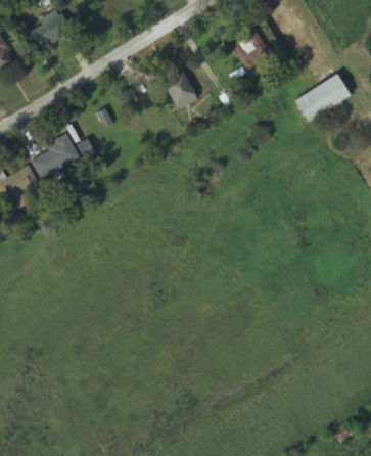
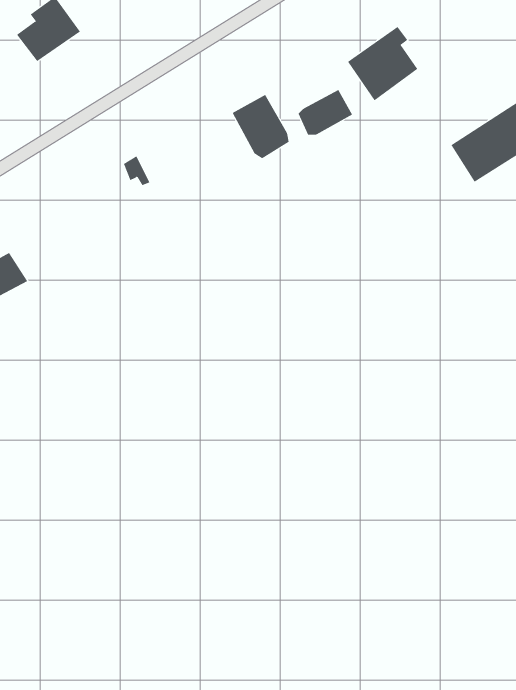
building: none -> [298,89,353,135]
building: [30,130,80,176] -> none

